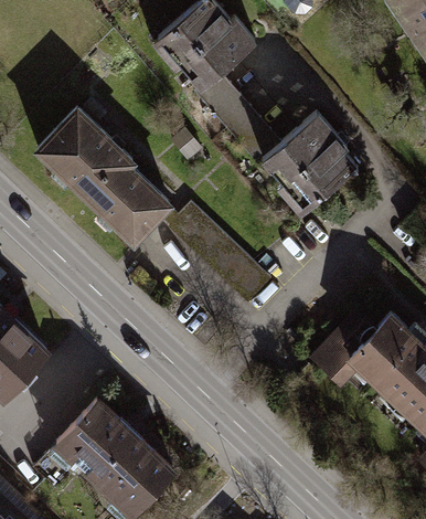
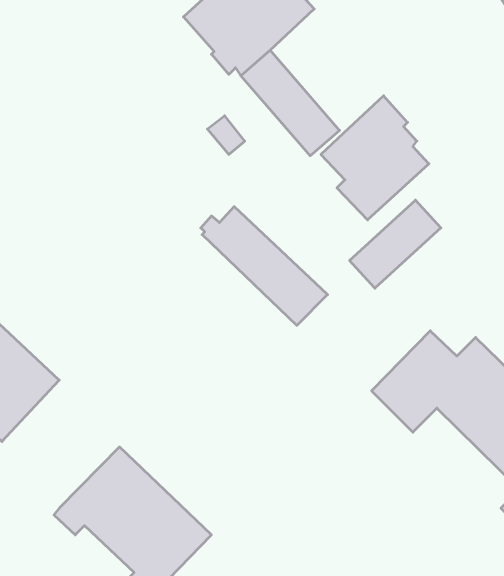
building: [35,108,172,246] -> none
building: none -> [350,200,441,288]

